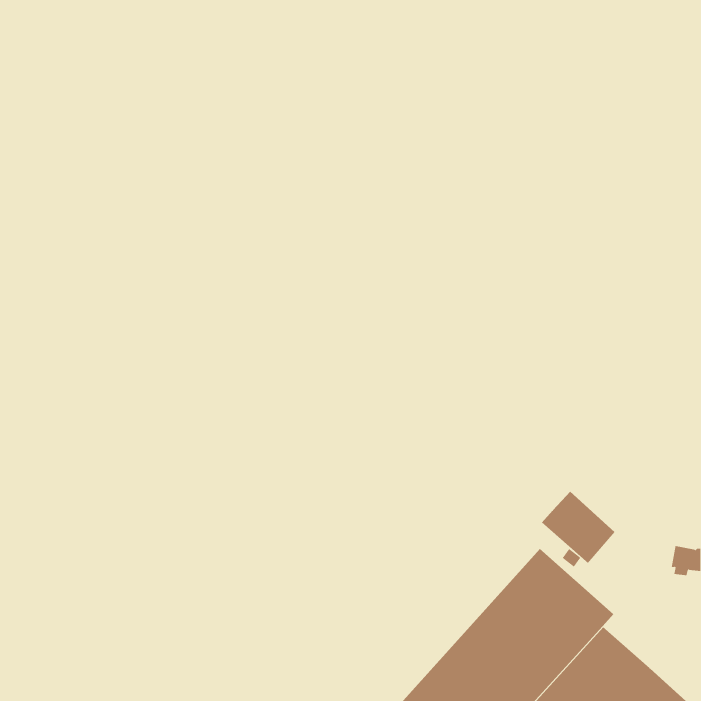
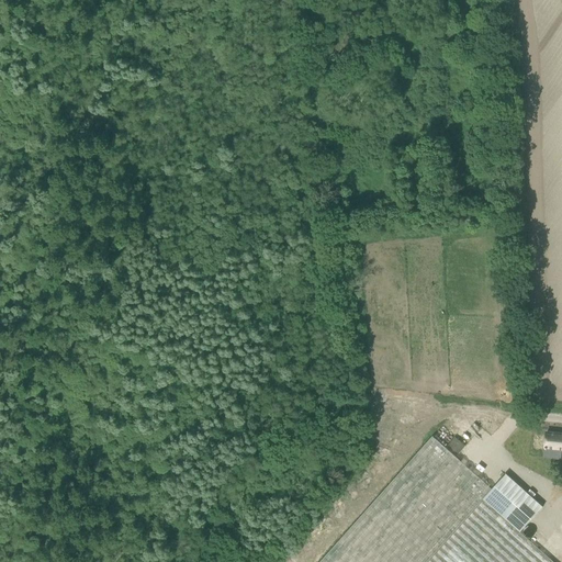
building: [541,491,616,564] -> [481,476,540,535]

